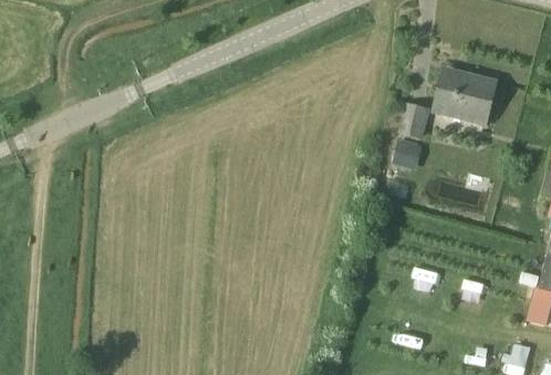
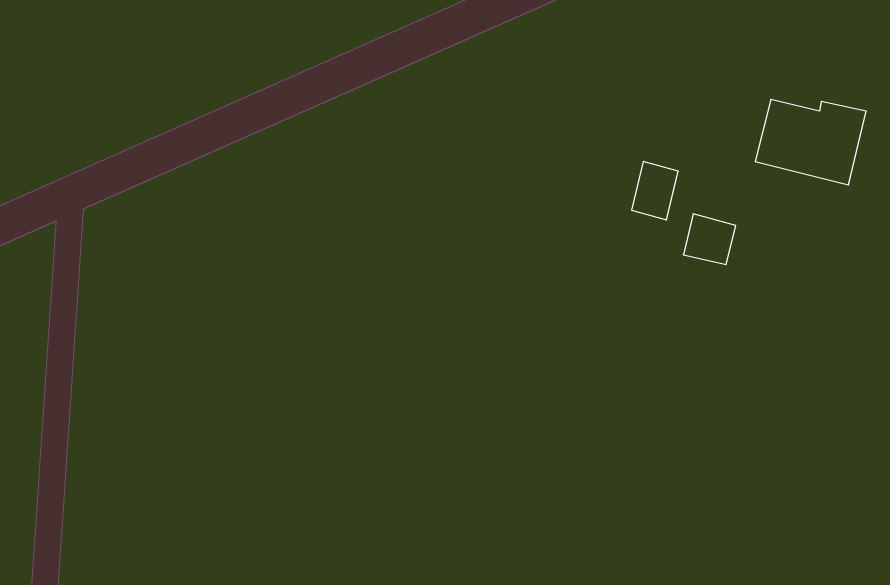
building: [402,103,428,136] -> [632,162,678,220]

